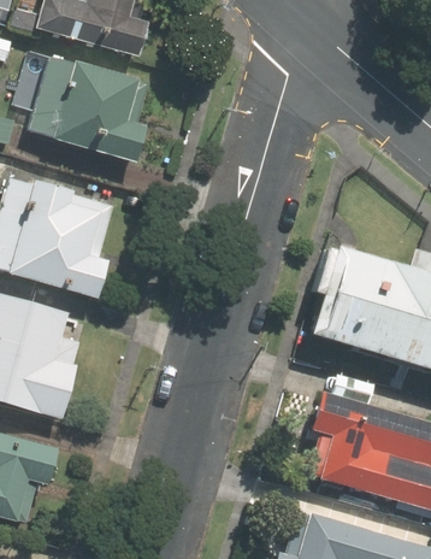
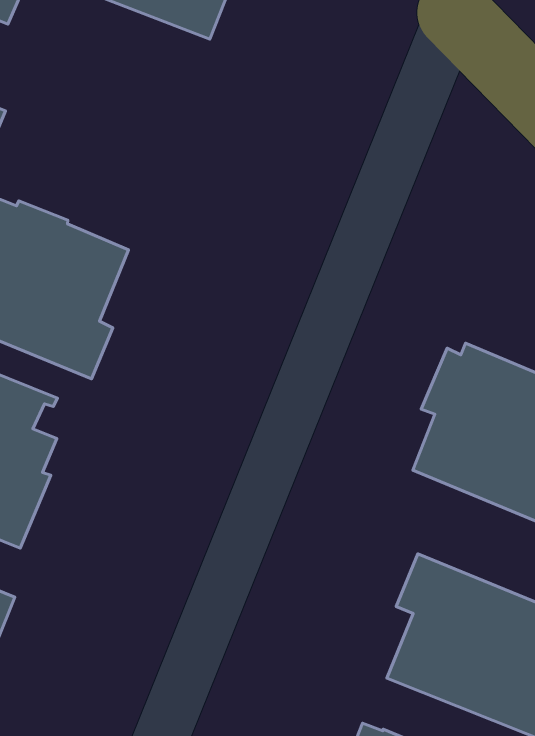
building: [26,58,141,159] -> none

